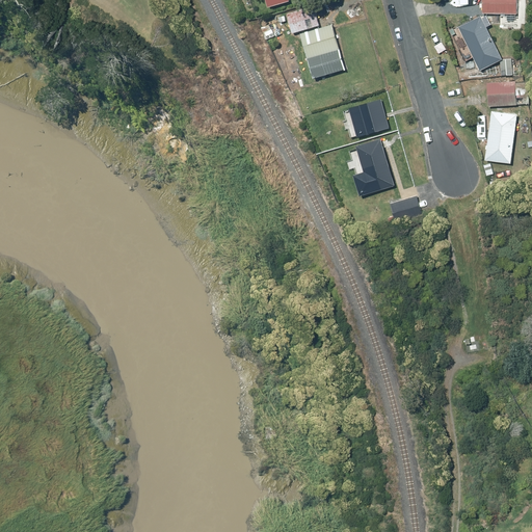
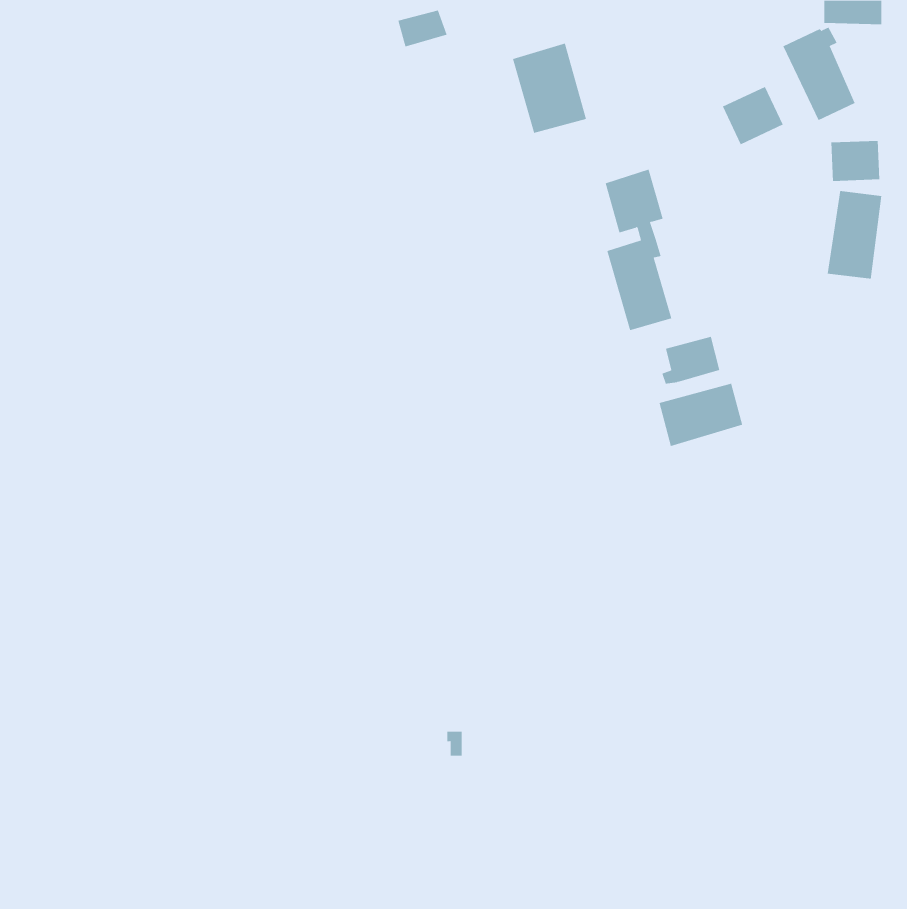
building: [289,10,318,32] -> [398,10,447,47]
building: none -> [722,86,784,145]
building: none -> [659,383,743,447]

